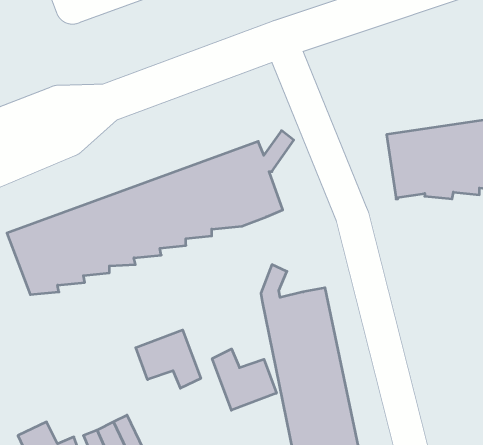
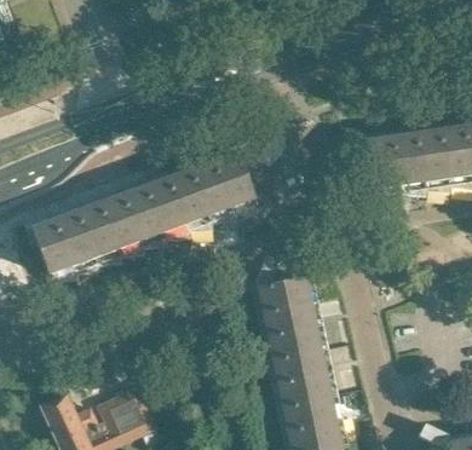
building: [136,330,201,388] -> none
building: [212,349,276,410] -> none

